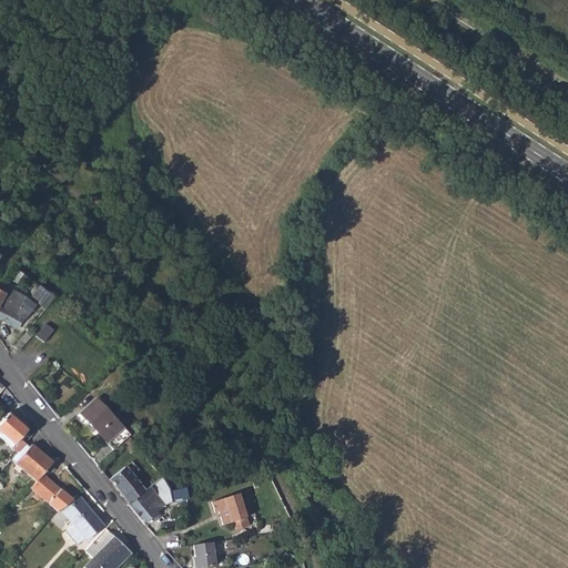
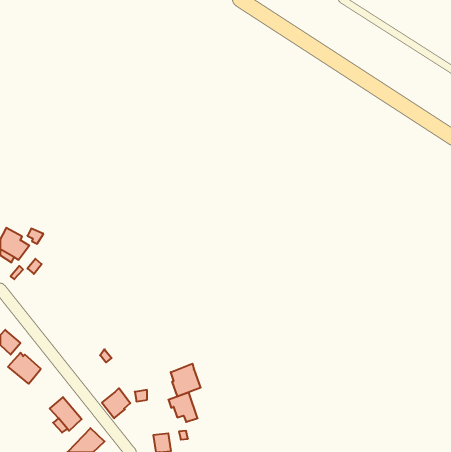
building: [81,398,131,448] -> none
building: none -> [171,364,201,397]
building: [111,467,146,503] -> none
building: [26,473,74,510] -> none

